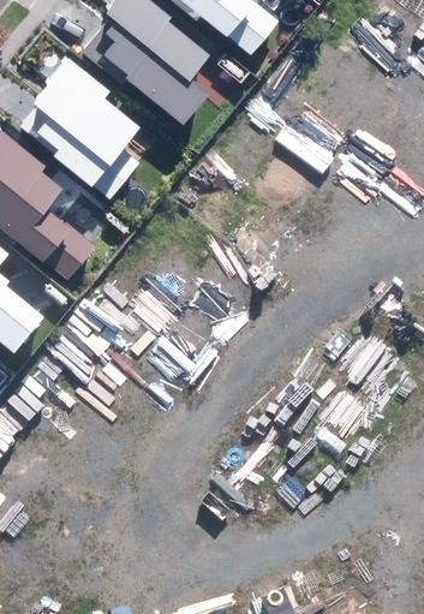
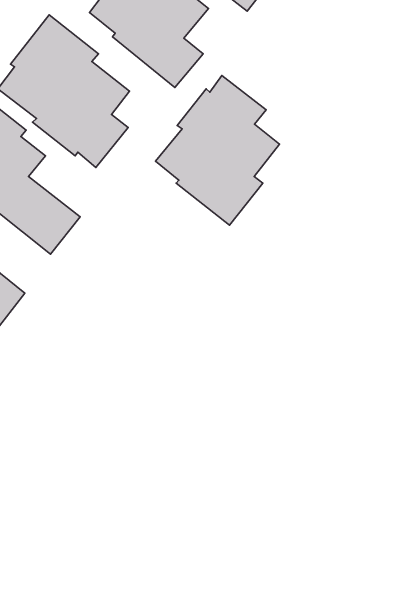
building: none -> [156,76,280,225]

